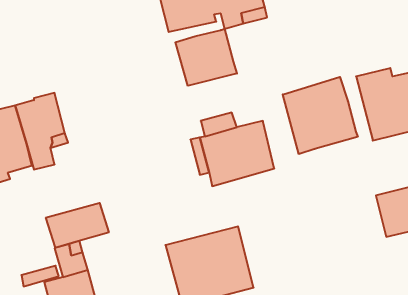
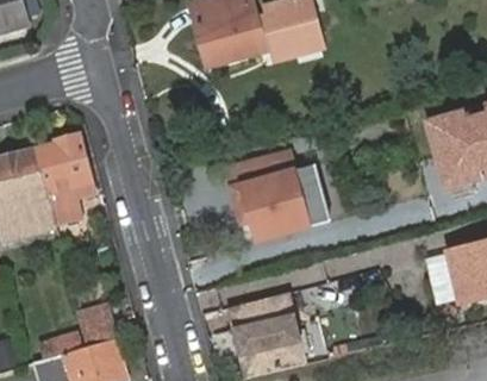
building: [175,29,237,86] -> none
building: [283,77,358,154] -> none
building: [46,203,109,248] -> none

